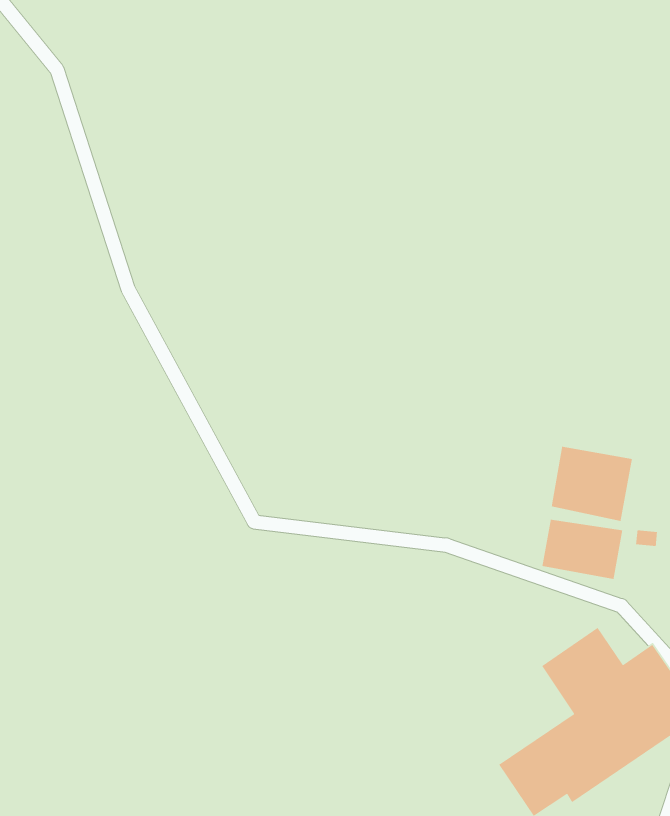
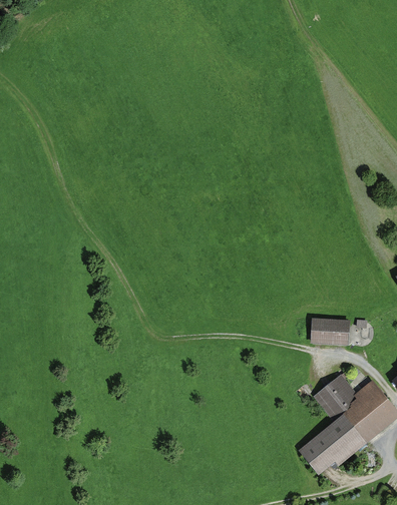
building: [551,446,633,522] -> none

